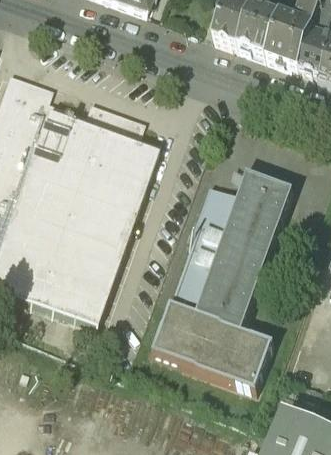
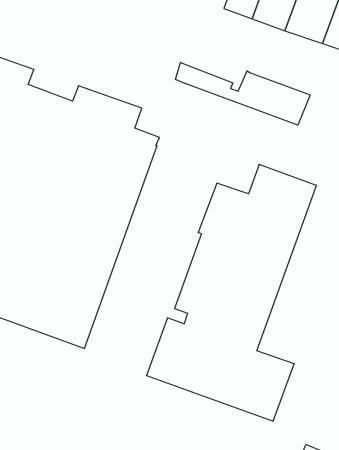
building: none -> [175,62,310,125]

